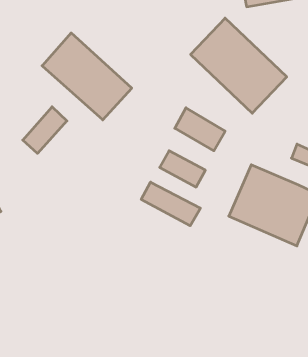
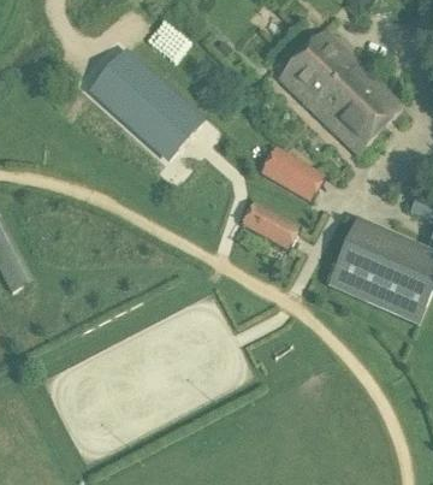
building: [23,107,67,153] -> none
building: [141,182,200,226] -> none

